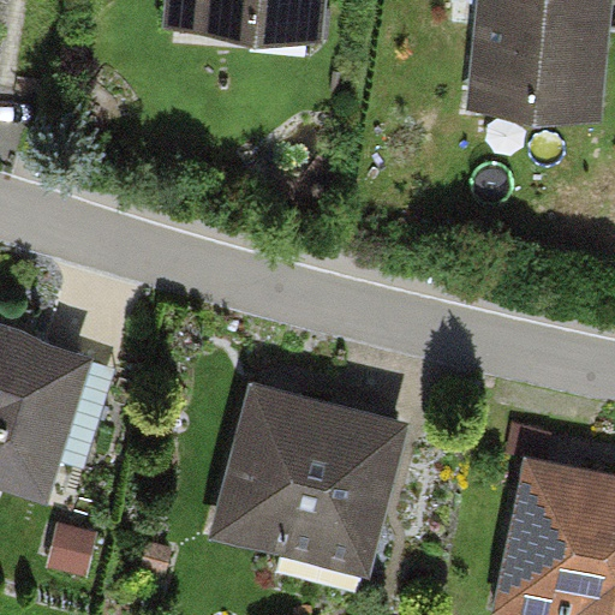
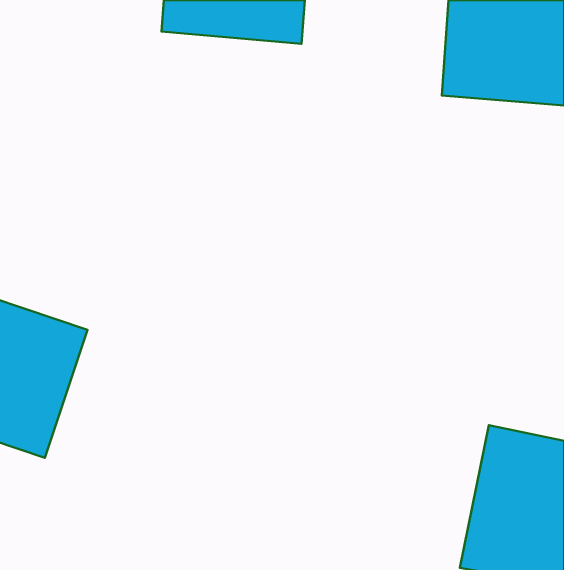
building: [210,383,408,575] -> none

